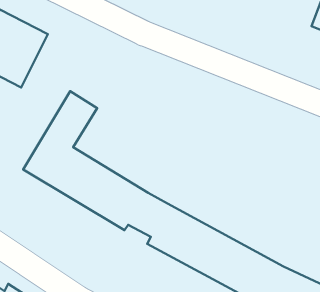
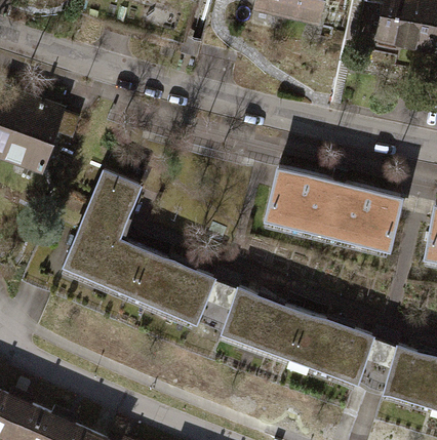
building: none -> [265,166,400,254]

